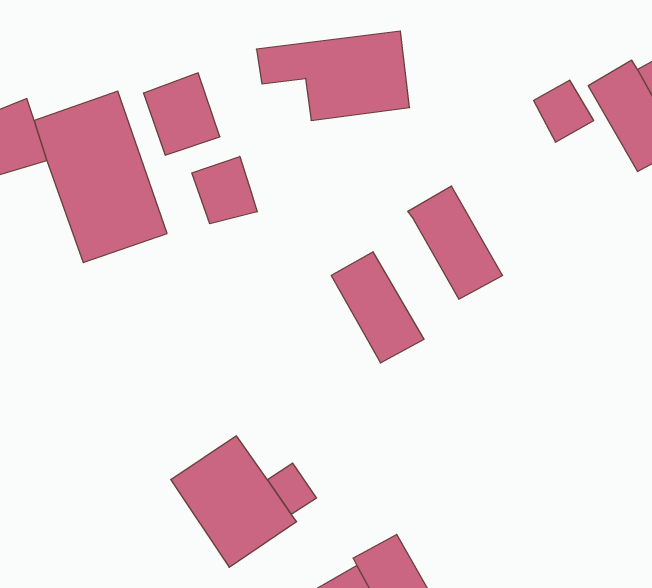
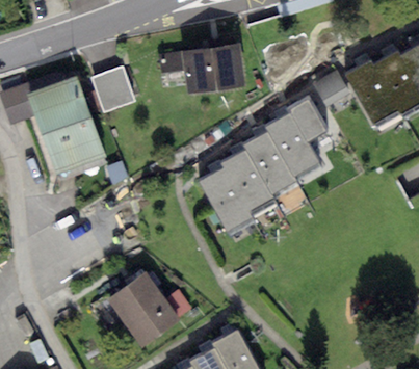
building: none -> [265,98,326,176]
building: [192,156,257,224] -> none
building: none -> [220,149,273,212]

